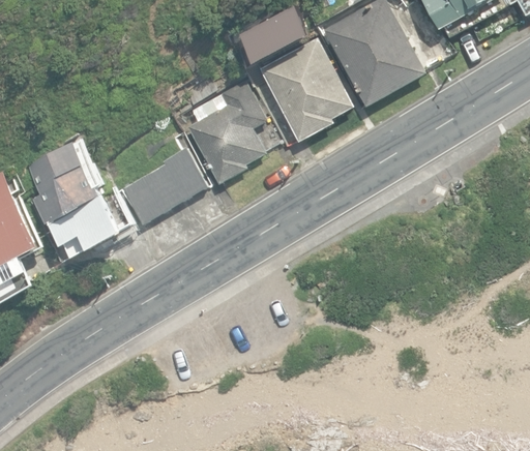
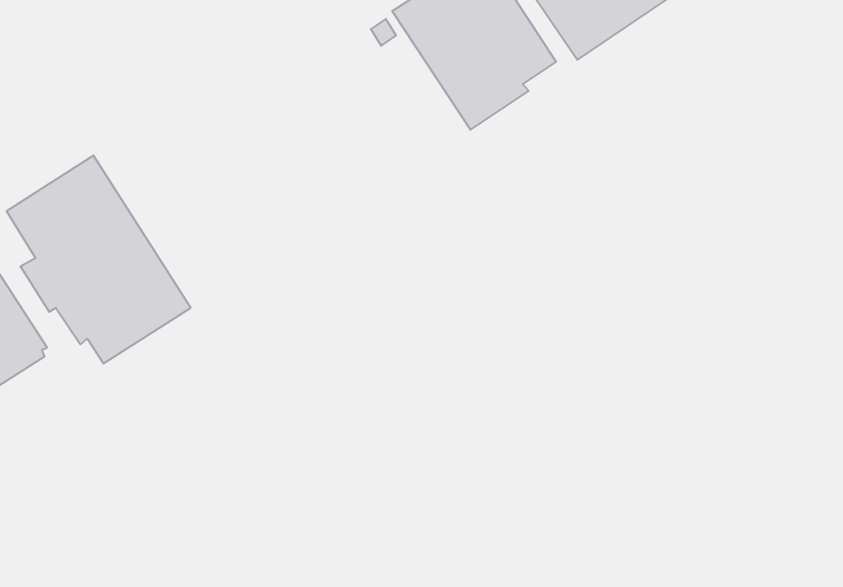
building: [187,79,266,184] -> none
building: [120,147,208,223] -> none

